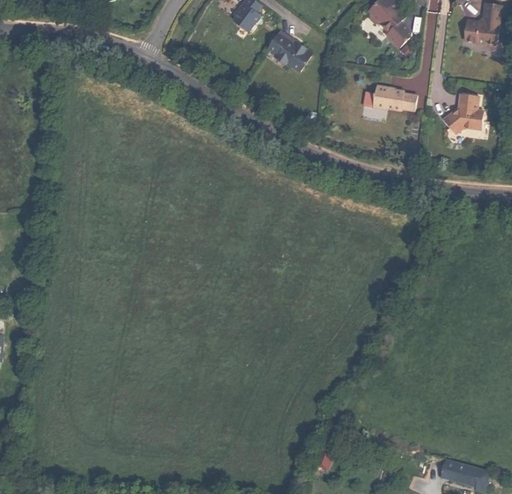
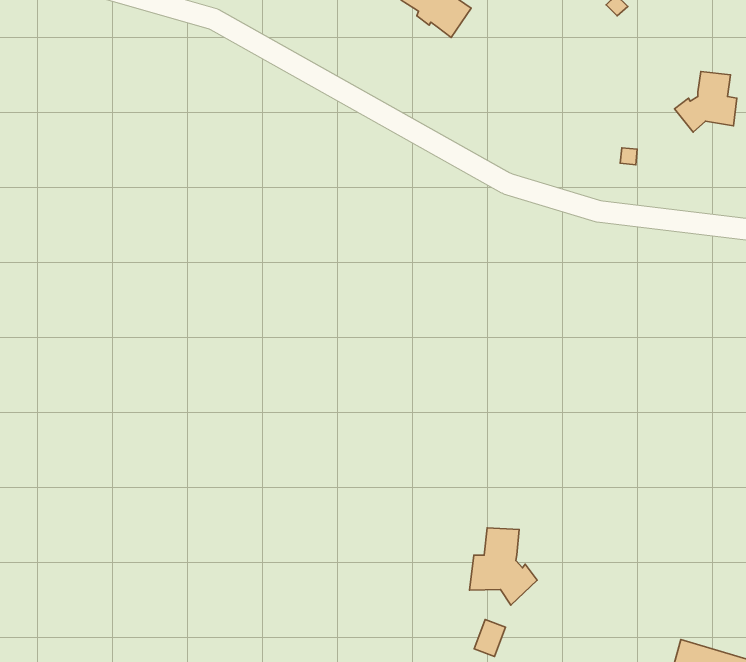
building: [372,84,415,110] -> none
building: none -> [469,528,537,605]

